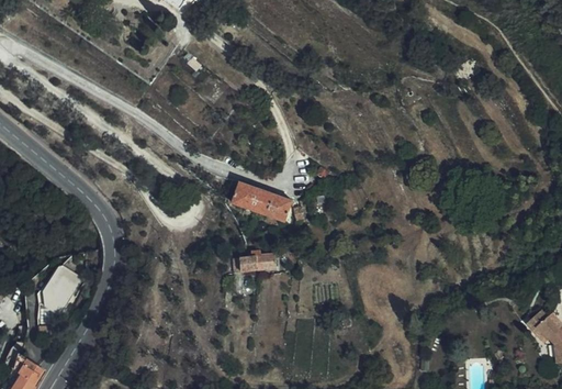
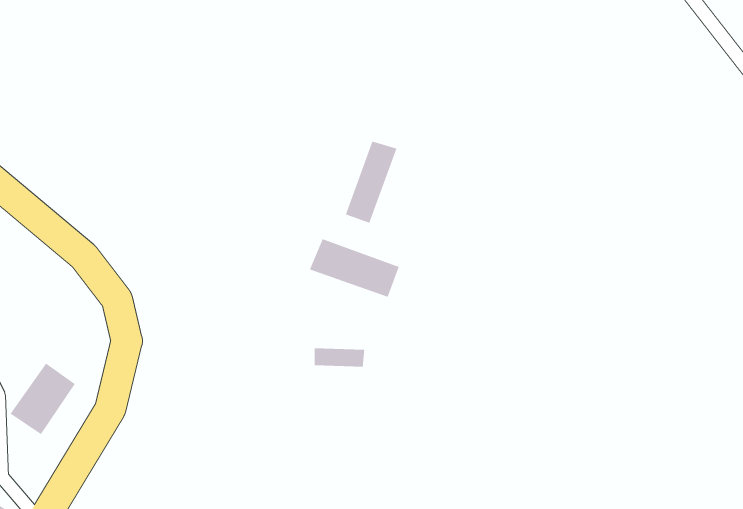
building: none -> [345,141,398,224]

